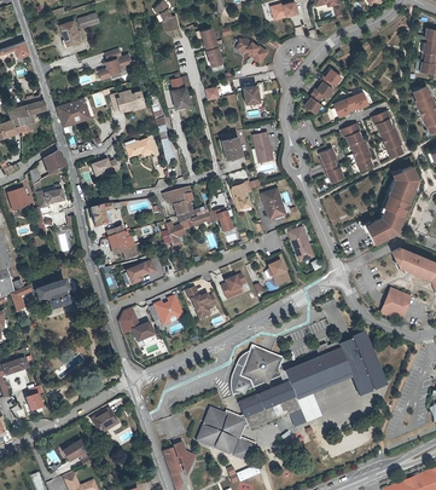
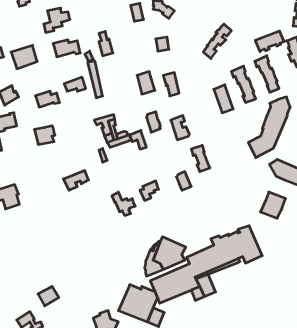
building: [332,92,370,119] -> [255,31,284,52]
building: [106,225,140,260] -> none
building: [153,294,185,325] -> none
building: [118,306,155,342] -> none
building: [350,369,388,396] -> none

